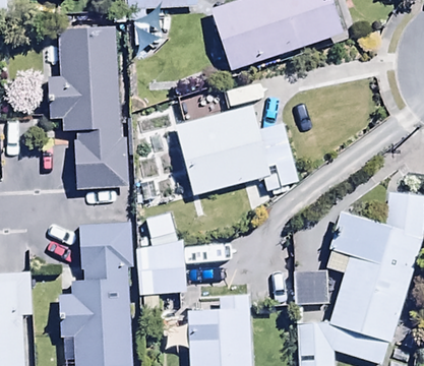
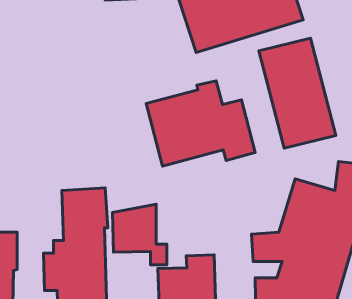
building: [46,28,131,188] -> none
building: none -> [259,38,336,148]

